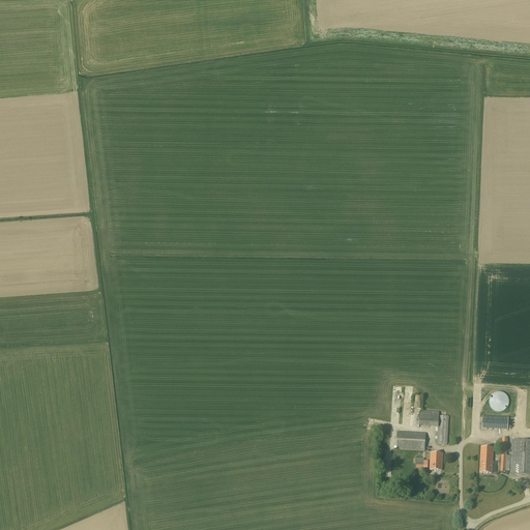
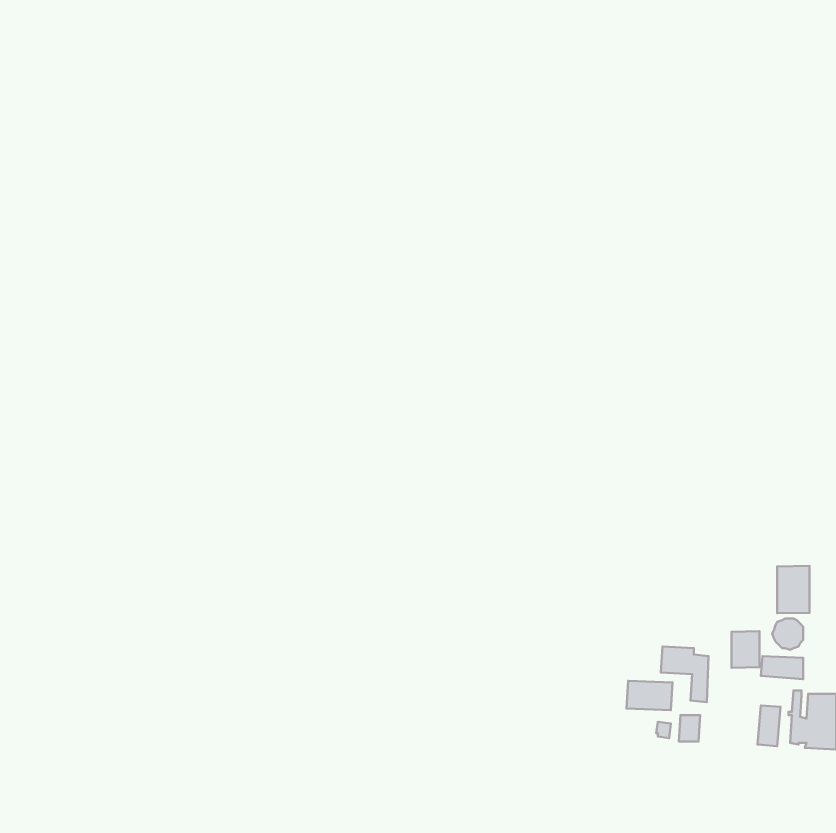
building: none -> [777,566,809,613]
building: none -> [731,631,759,668]

